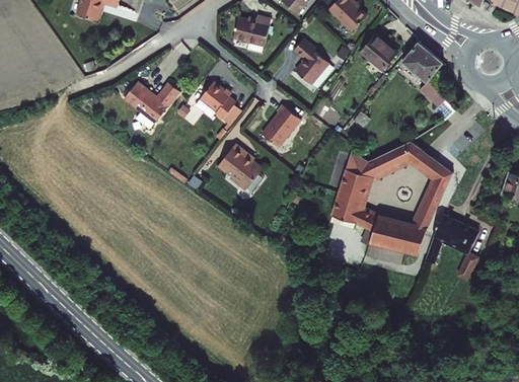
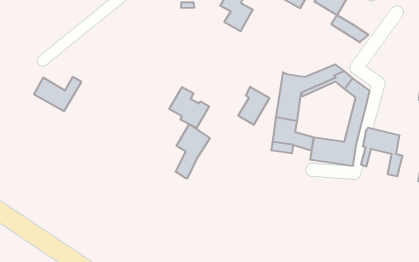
building: [125,78,180,120] -> [34,77,81,111]
building: [195,81,242,126] -> none
building: [266,102,304,146] -> [238,87,270,125]
building: none -> [176,124,210,179]

